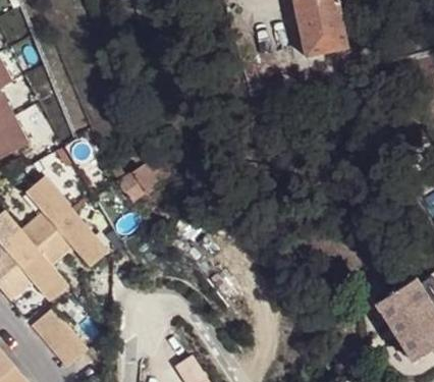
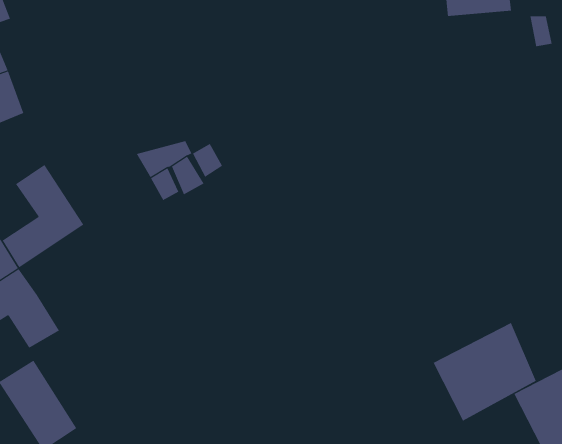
building: [36,215,108,268] -> none
building: none -> [433,322,537,421]

